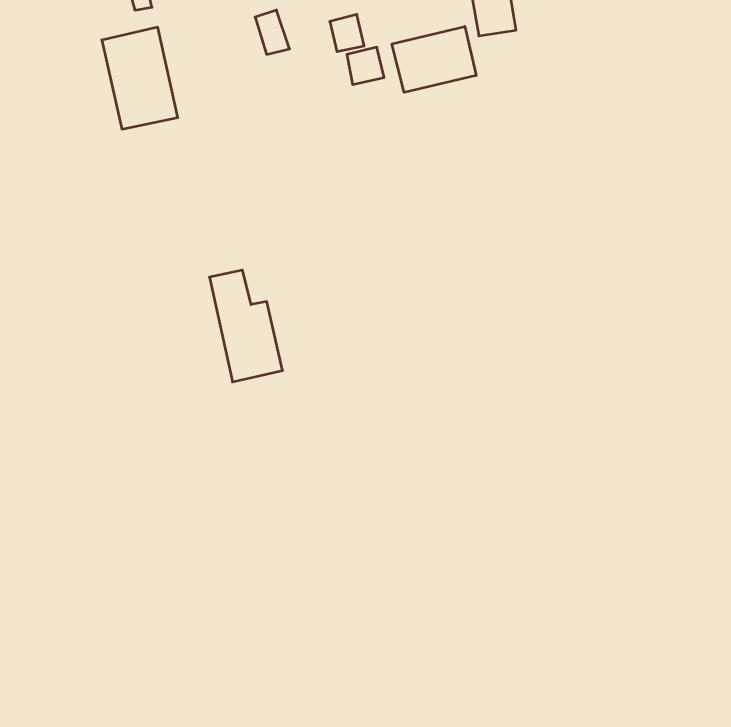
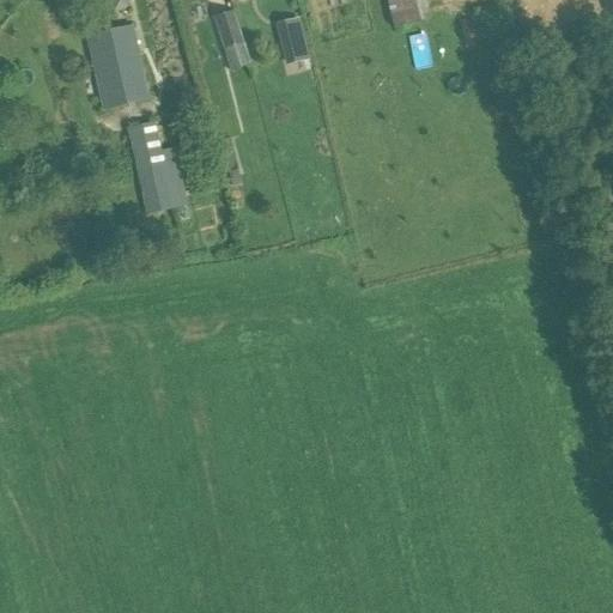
building: [392,26,476,92] -> none
building: [209,270,283,382] -> [126,120,187,213]

